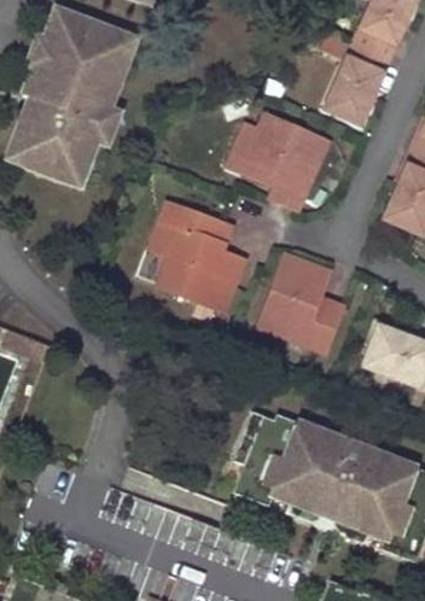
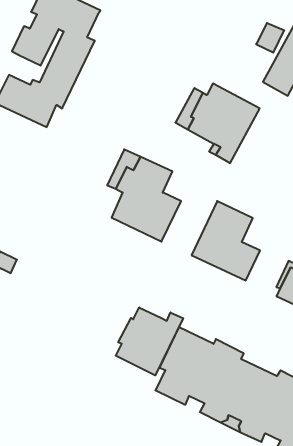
building: [22,64,83,134] -> none
building: none -> [116,307,183,375]

